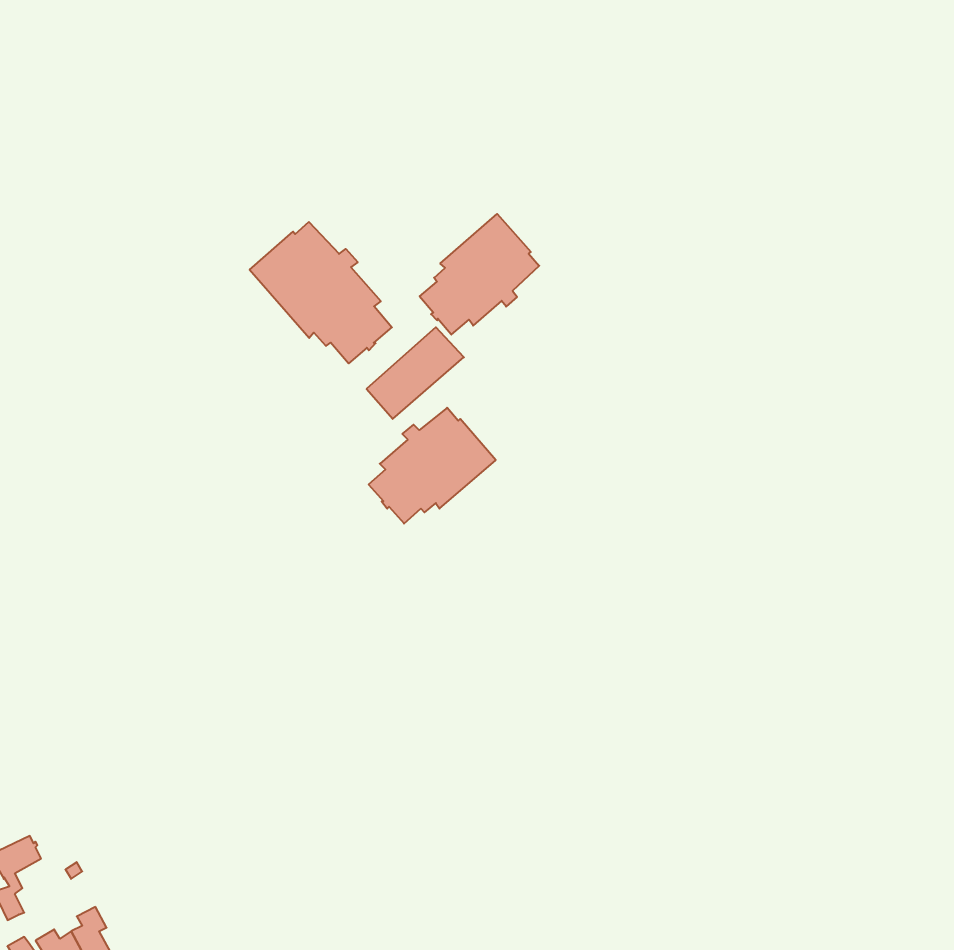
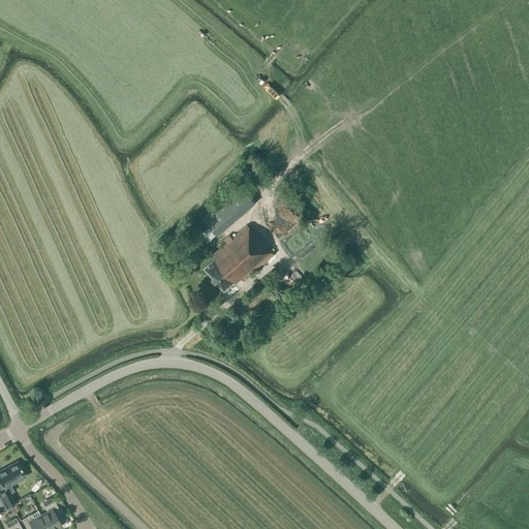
building: [420,214,539,335] -> none
building: [250,222,392,363] -> none

